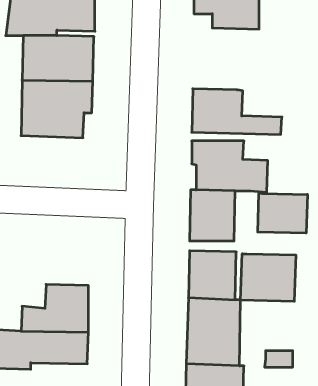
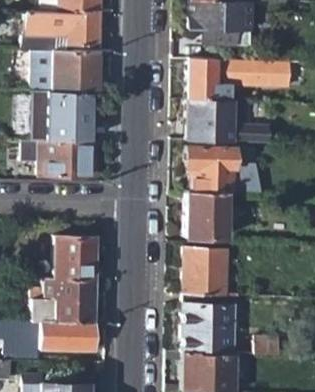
building: none -> [190,59,291,100]
building: none -> [21,142,97,178]
building: [258,193,307,233] -> none
building: none -> [55,238,96,280]
building: [241,254,296,301] -> none

